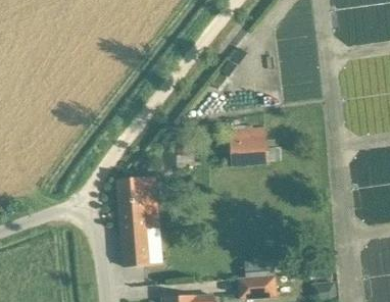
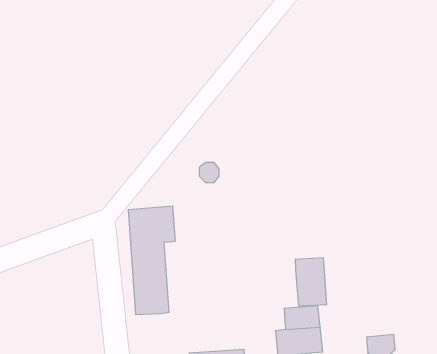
building: [230,125,270,162] -> none
building: none -> [296,258,326,306]

